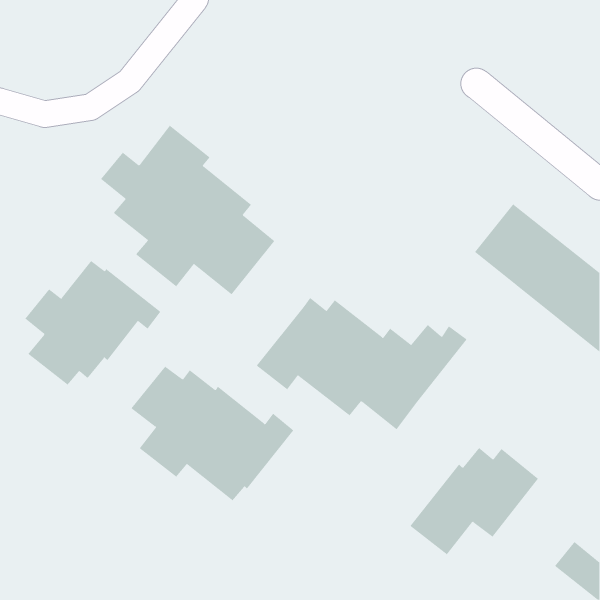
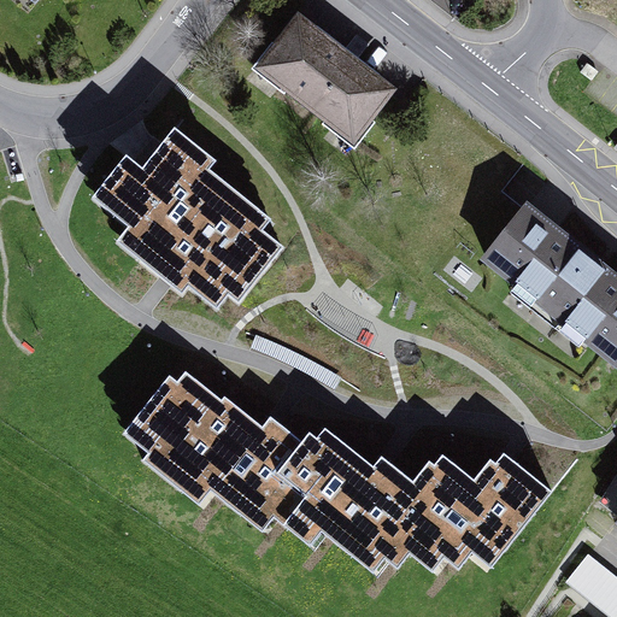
building: none -> [262,22,388,137]
building: [24,260,161,385] -> none
building: [256,297,467,430] -> [253,431,470,568]

